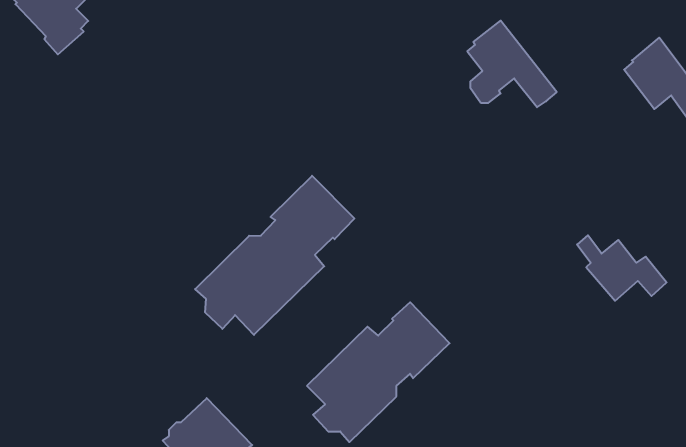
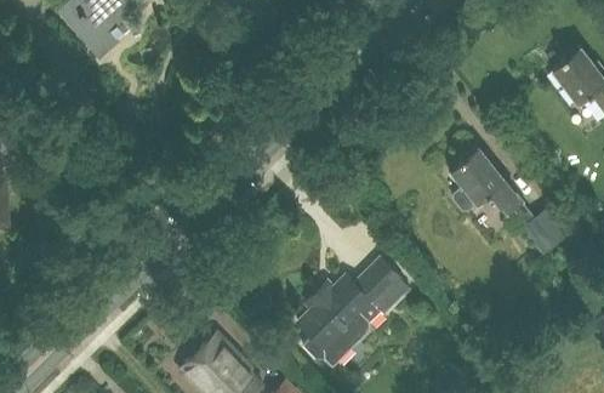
building: [467,21,557,107] -> [451,144,523,213]
building: [195,176,354,335] -> none

